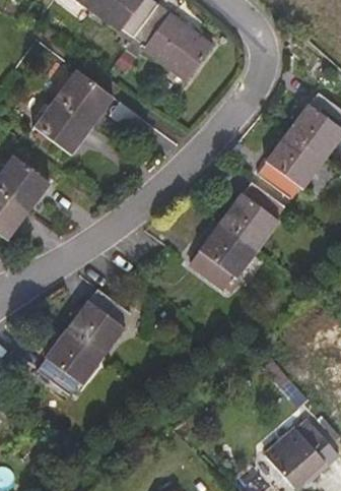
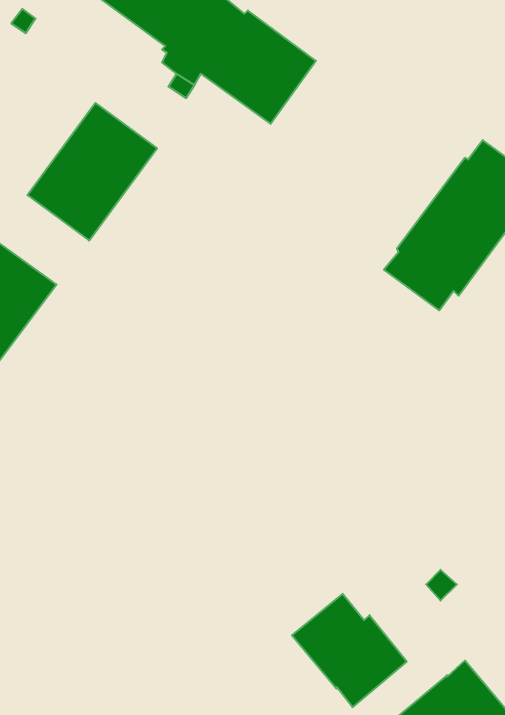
building: [189,182,284,289] -> none
building: [37,289,131,395] -> none
building: none -> [292,594,407,707]

